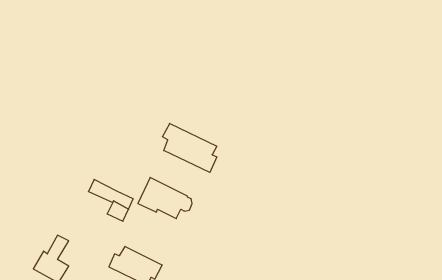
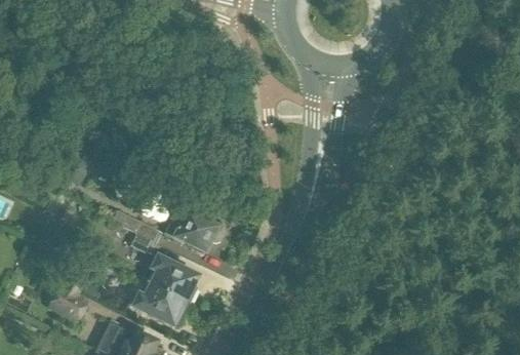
building: [162,123,217,172] -> none
building: none -> [147,254,196,302]

